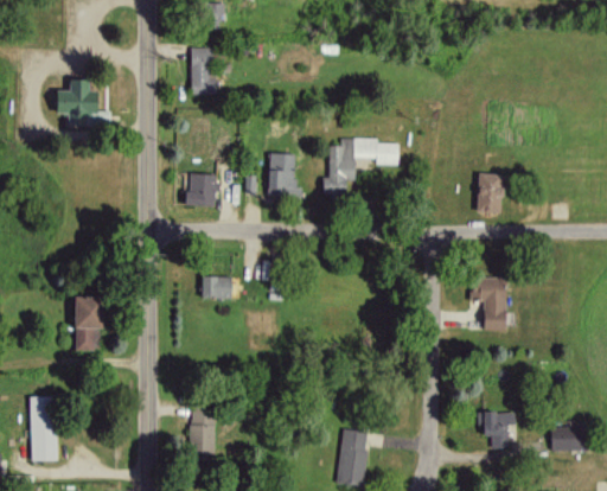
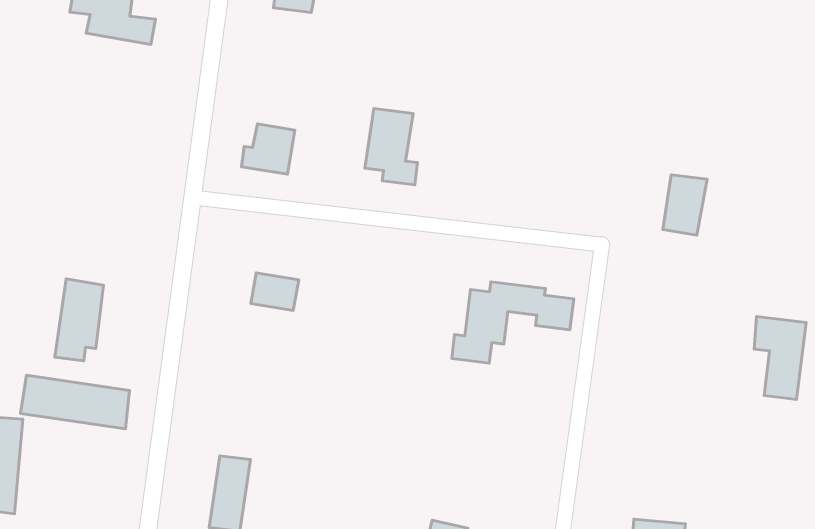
building: [322,139,401,195] -> [452,282,574,363]
building: [471,278,505,331] -> [754,316,806,399]
building: none -> [21,375,129,429]

